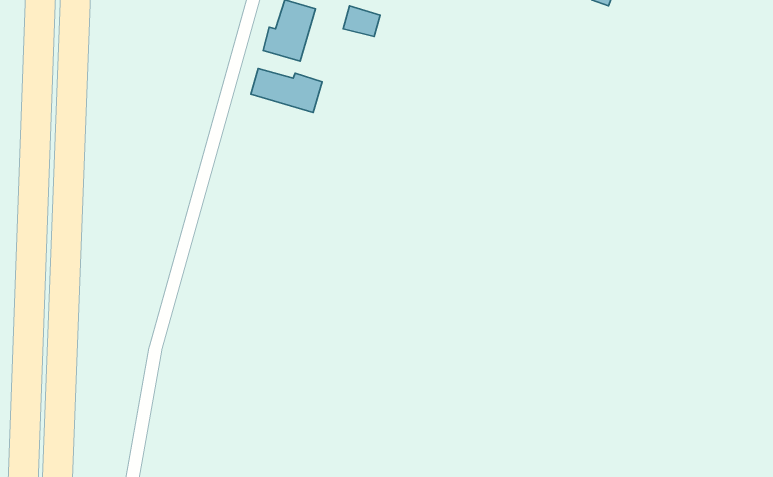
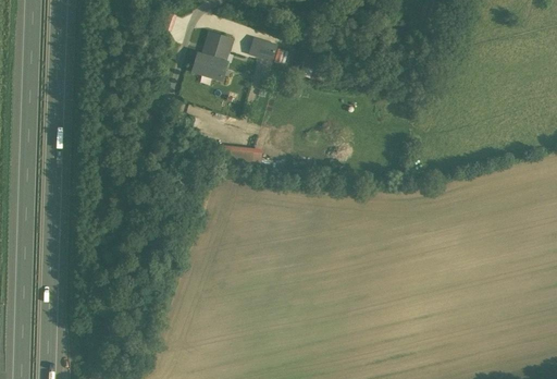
building: [251,68,322,112] -> none

